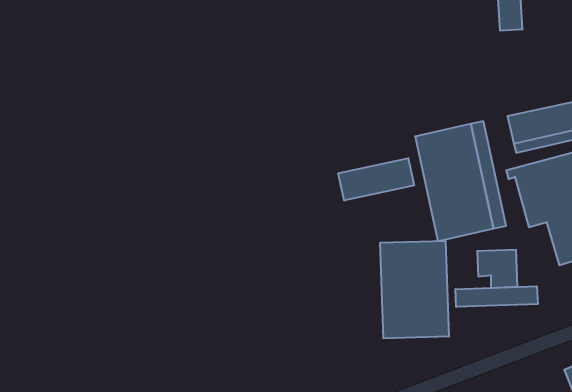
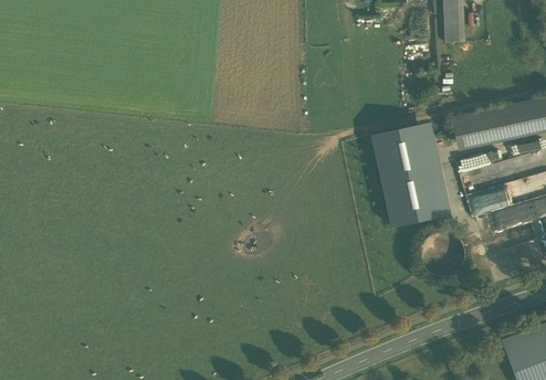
building: [338,158,414,201] -> none
building: [380,241,449,338] -> none
building: [455,286,538,307] -> none

